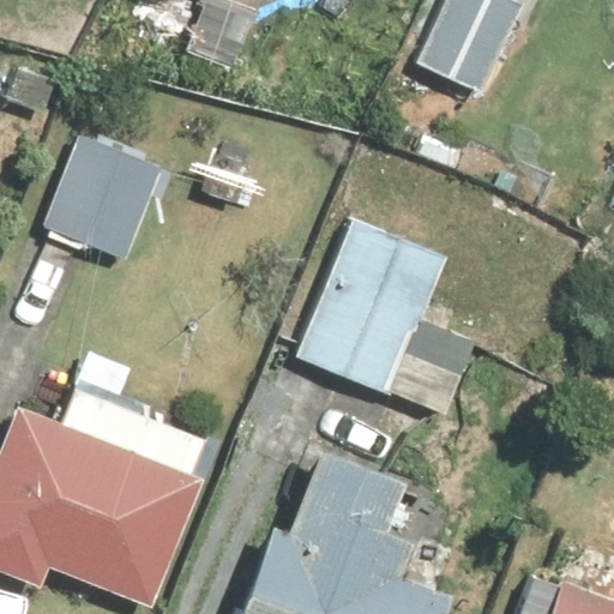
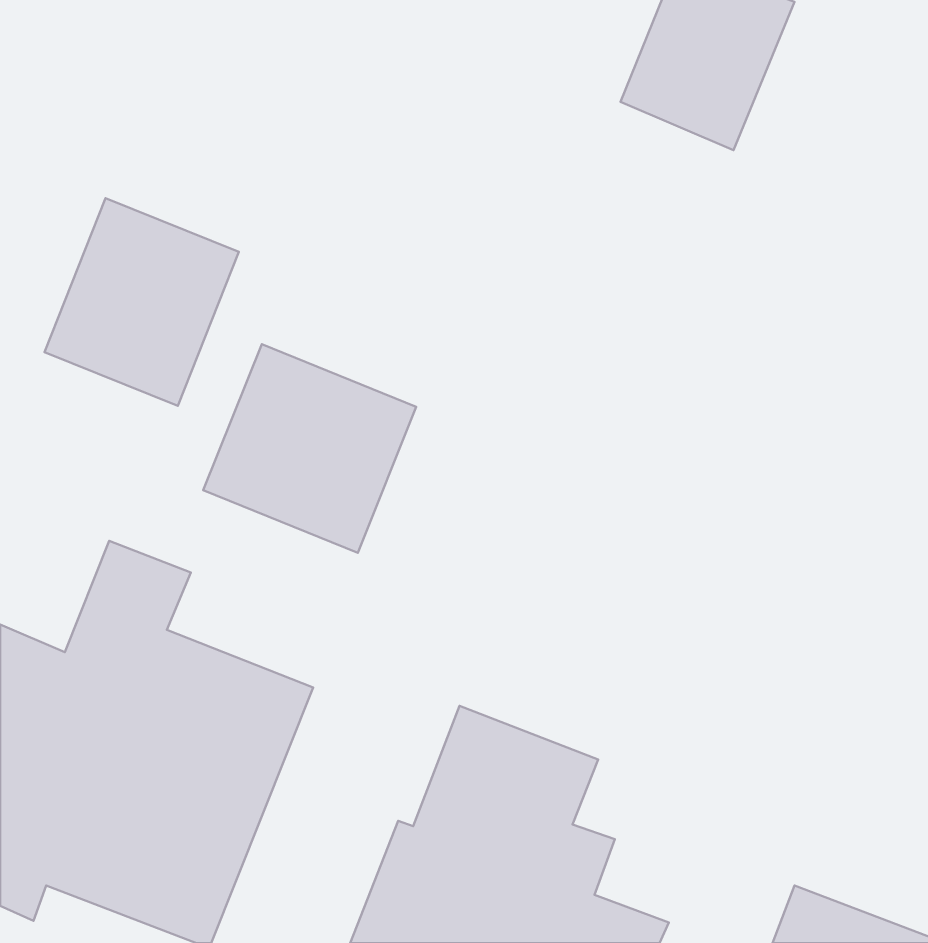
building: [291,216,472,423] -> none
building: none -> [203,344,416,553]

